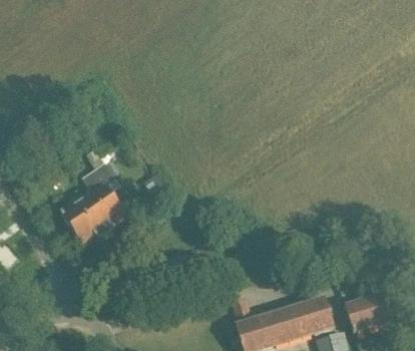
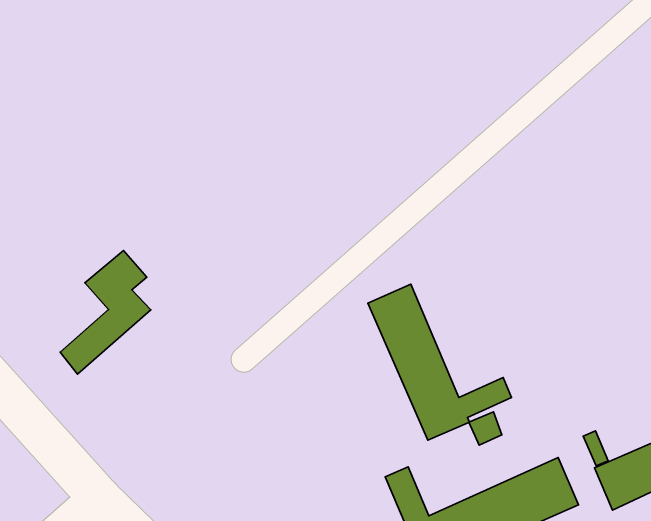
building: [71,193,127,241] -> none
building: none -> [368,284,512,440]

